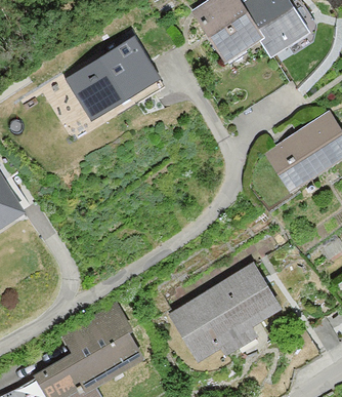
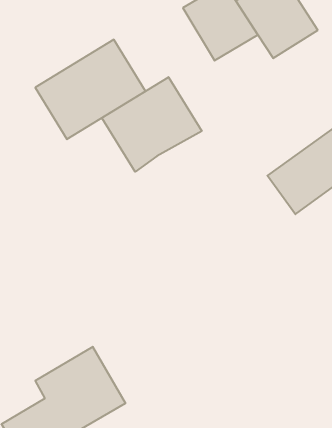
building: none -> [102,77,202,172]
building: [168,259,284,366] -> none

